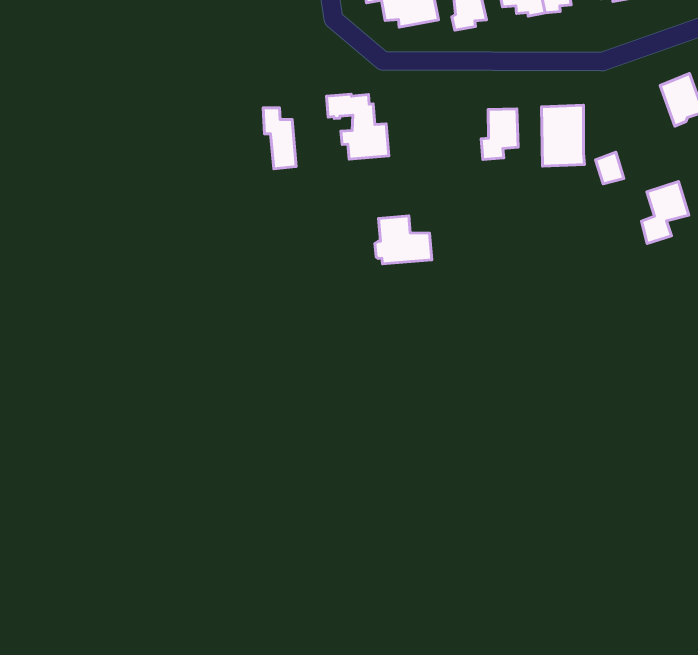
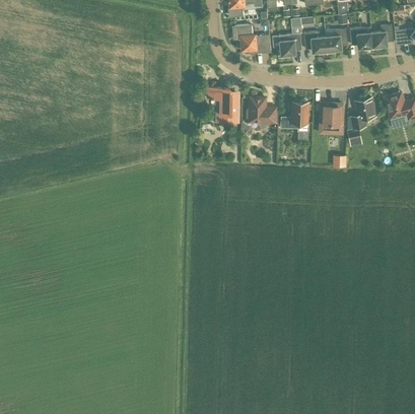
building: [263,108,296,169] -> none
building: [642,182,689,244] -> [350,97,375,129]
building: [375,216,432,264] -> [246,97,275,122]

